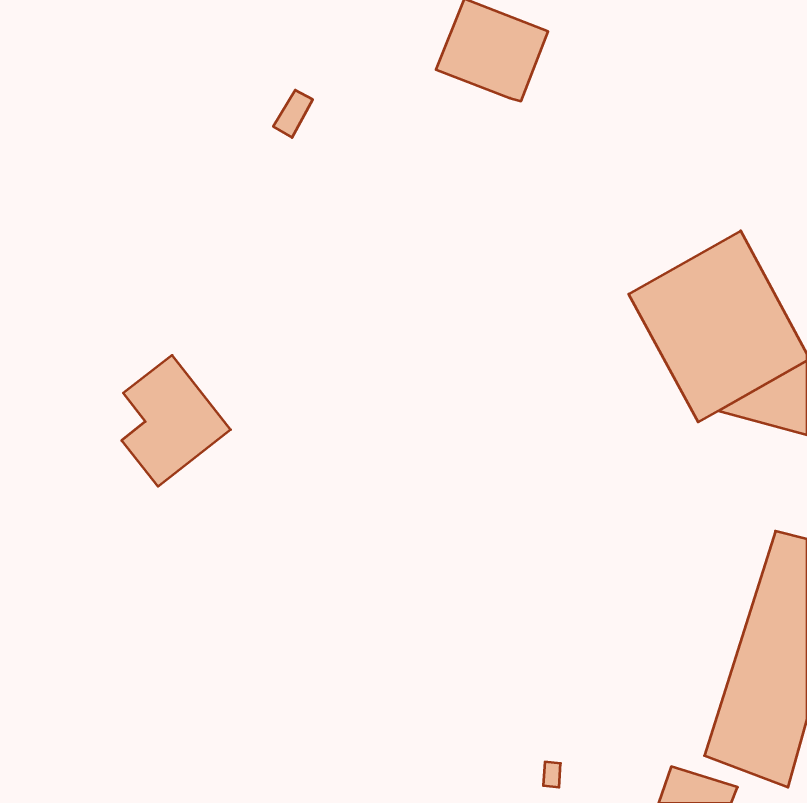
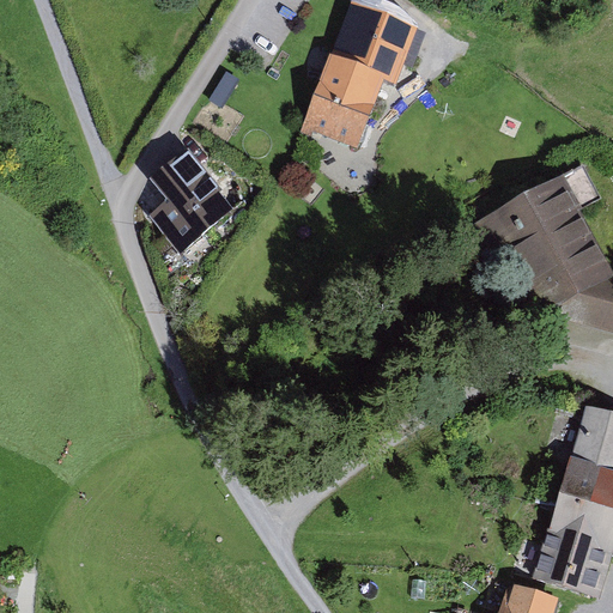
building: none -> [305,53,387,145]
building: [122,355,231,486] -> [152,148,235,248]

